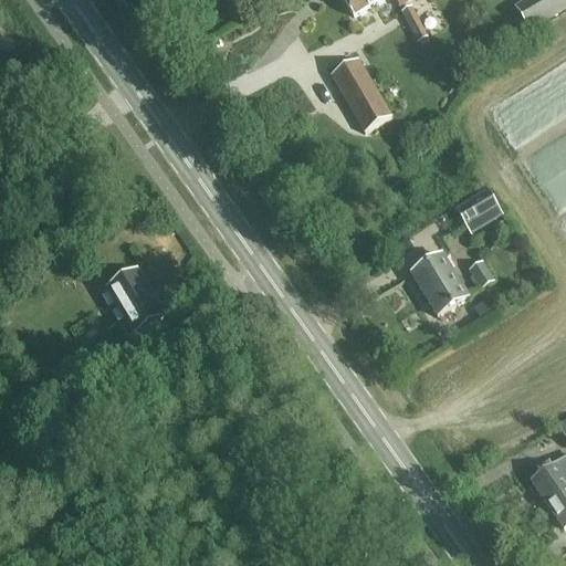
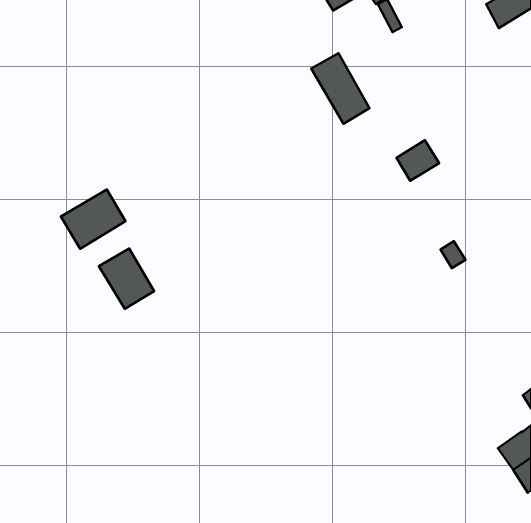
building: [457,186,502,229] -> [397,140,439,181]
building: none -> [61,189,125,249]
building: [411,251,468,312] -> none

